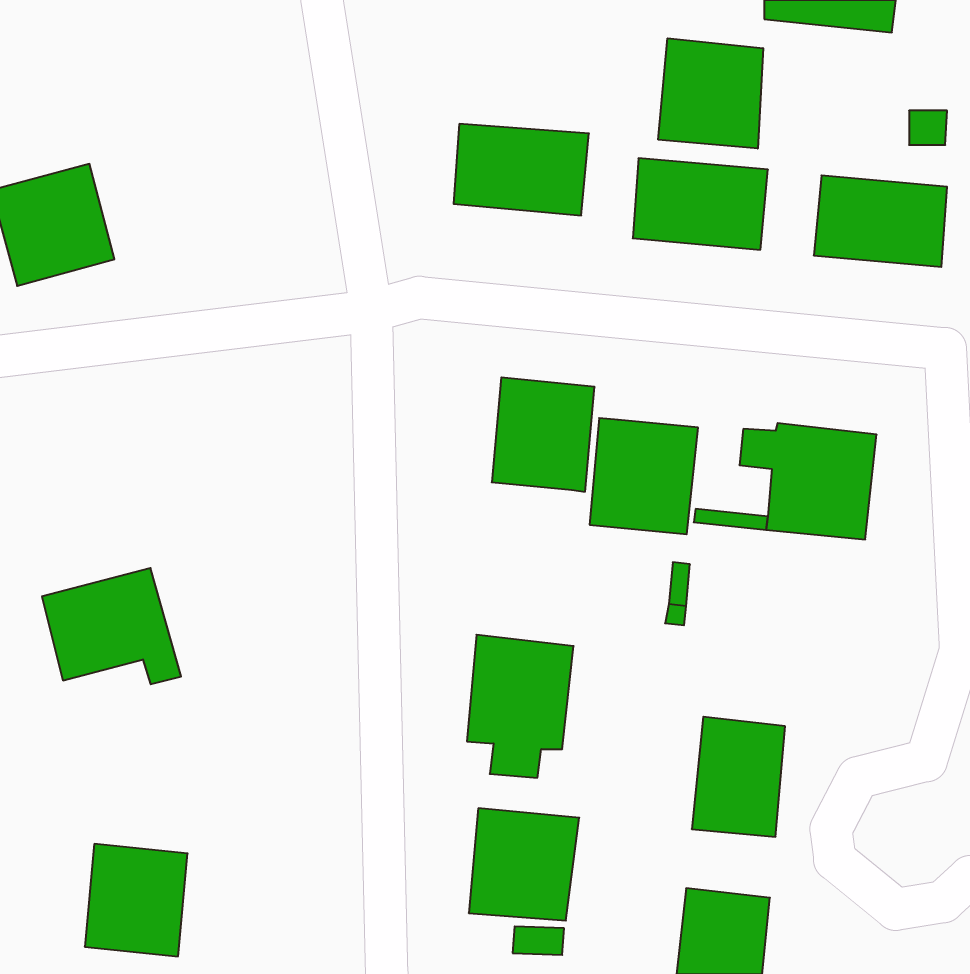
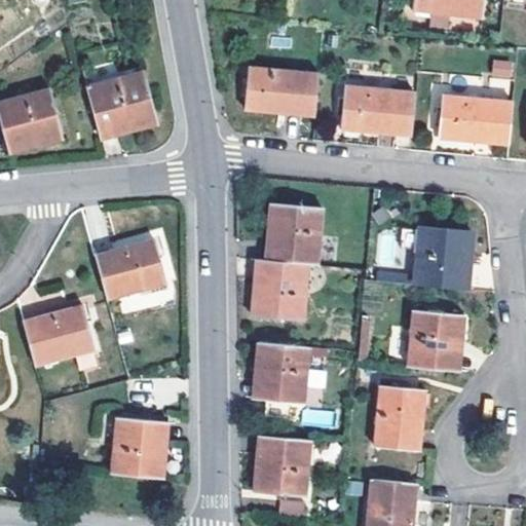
building: [658,38,763,149] -> none
building: none -> [86,73,153,139]
building: [590,418,698,534] -> [250,259,308,322]
building: none -> [95,238,164,300]
building: none -> [406,310,464,372]
building: [85,844,188,956] -> [111,419,166,480]

